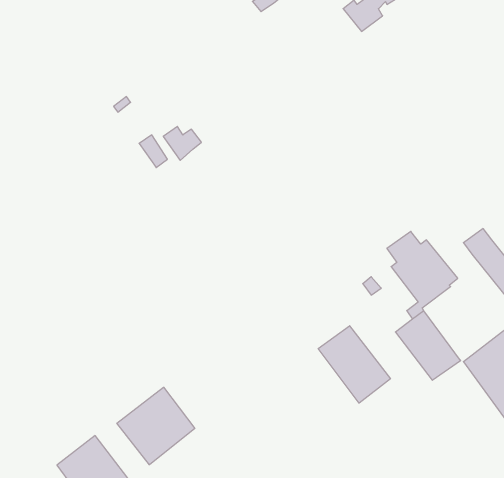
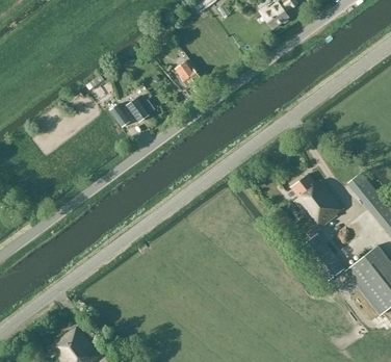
building: none -> [174,55,199,86]
building: [318,326,390,403] -> none
building: [117,387,195,465] -> none

